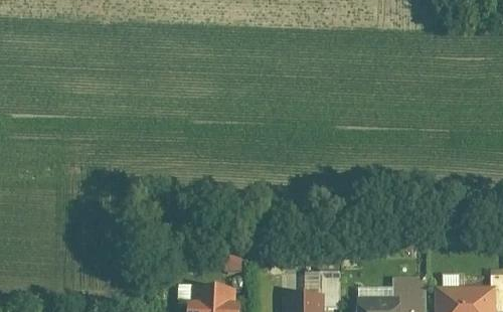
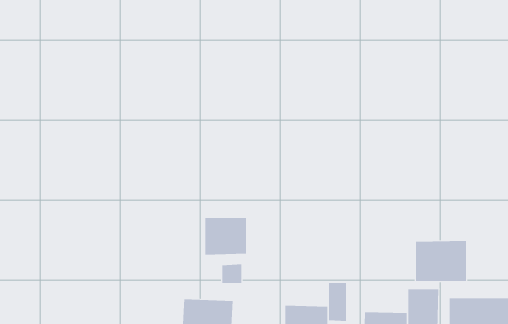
building: none -> [205,217,247,255]
building: none -> [415,240,467,282]

